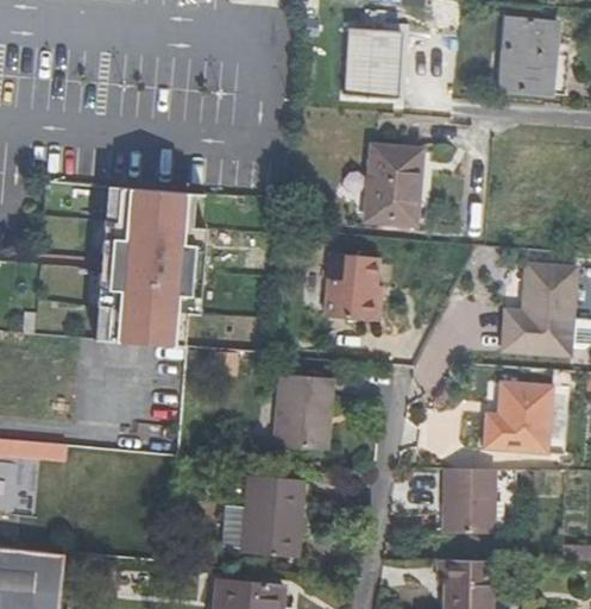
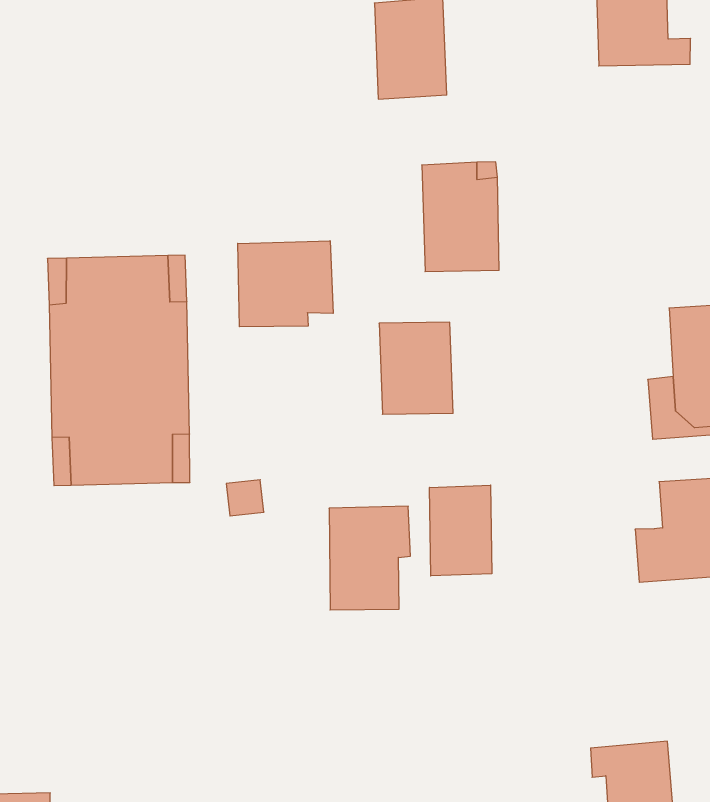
building: none -> [238,241,333,327]
building: none -> [430,485,492,576]
building: [448,471,499,535] -> none
building: [243,476,306,558] -> none

